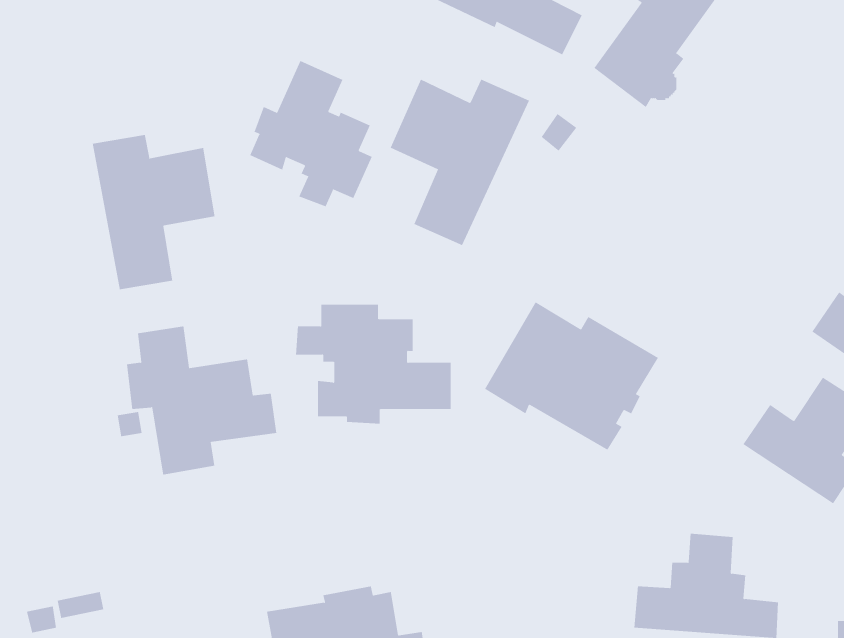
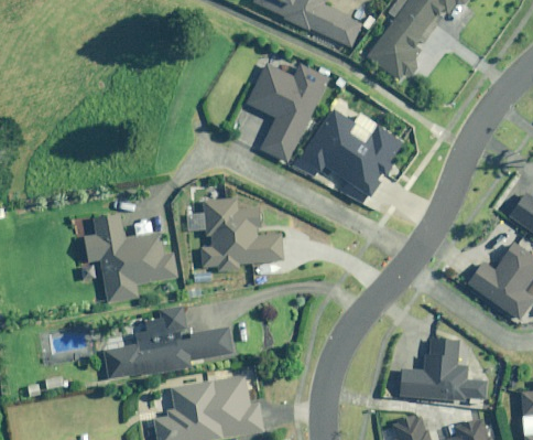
building: [249,60,372,207] -> none
building: [92,134,215,290] -> none
building: [484,302,659,451] -> [300,104,405,194]
building: none -> [107,305,236,378]

